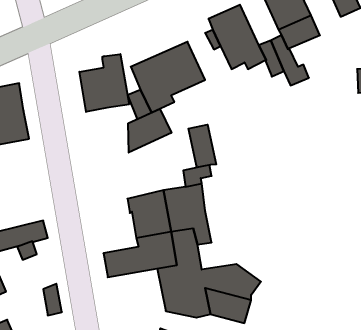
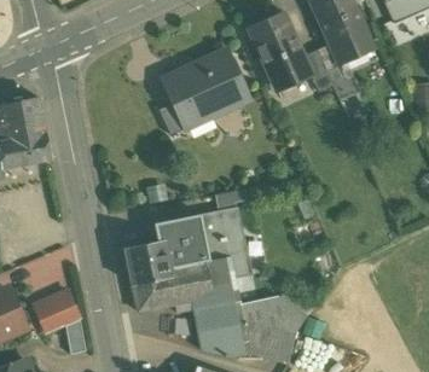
building: [79,54,129,112] -> none
building: [128,109,171,153] -> none
building: [188,125,216,167] -> none
building: none -> [123,239,170,285]
building: none -> [36,291,81,333]

